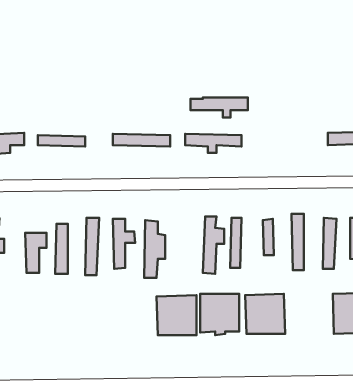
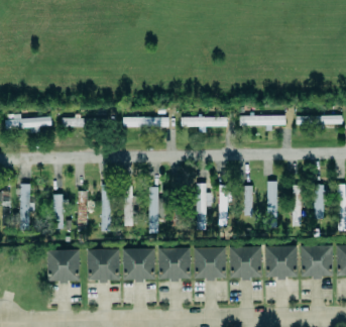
building: [190,98,248,118] -> [240,115,286,131]
building: none -> [265,246,298,279]
building: none -> [87,248,119,282]
building: none -> [123,248,156,281]
building: none -> [48,250,81,282]

